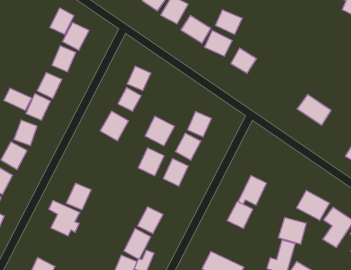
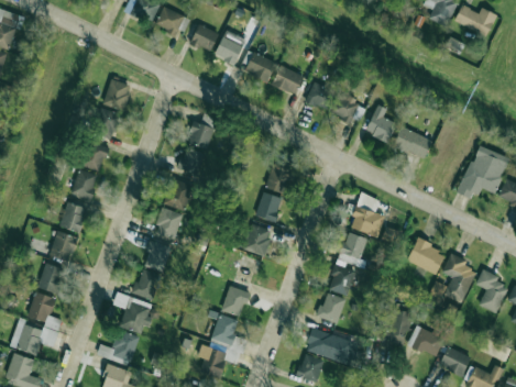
building: [50,8,74,34] -> none
building: [215,10,242,34] -> none
building: none -> [330,92,360,123]
building: none -> [365,106,396,143]
building: [4,88,32,110] -> none
building: [145,116,174,146] -> none
building: none -> [350,194,384,237]
building: [138,148,164,176] -> [154,208,183,240]
building: none -> [144,242,171,272]
building: [279,217,306,244] -> none
building: none -> [318,294,344,323]
building: none -> [97,331,139,366]

